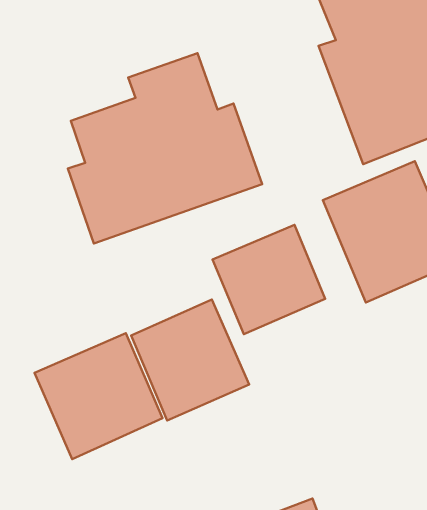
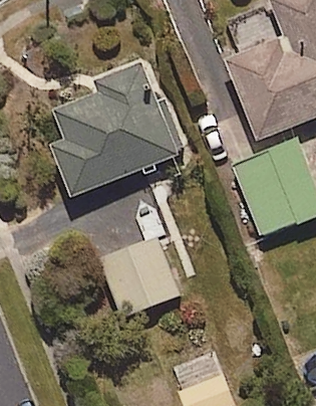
building: [212,225,325,334] -> none
building: [35,333,162,459] -> none

